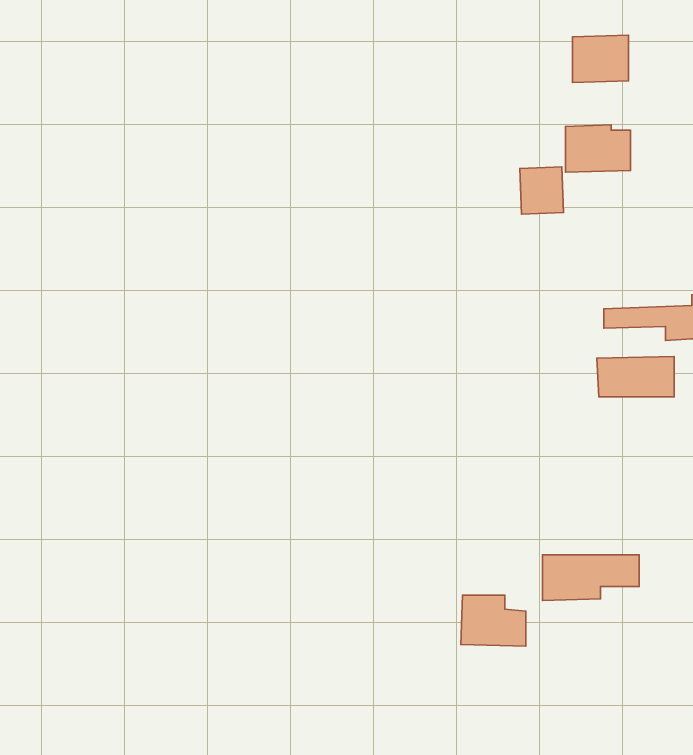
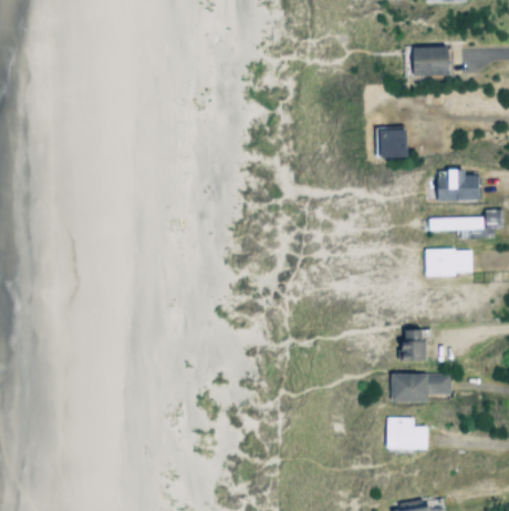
building: [566,125,630,172] -> [437,171,478,201]
building: none -> [399,330,432,362]
building: [461,595,526,646] -> [387,417,428,449]

